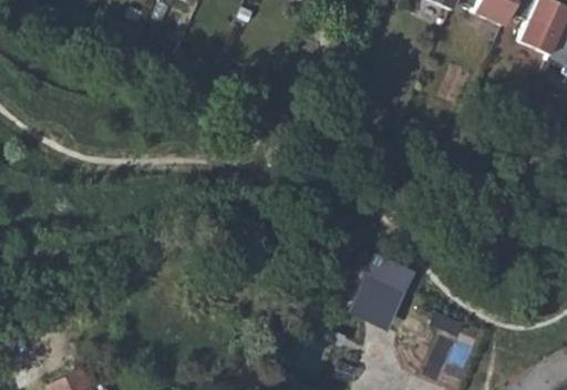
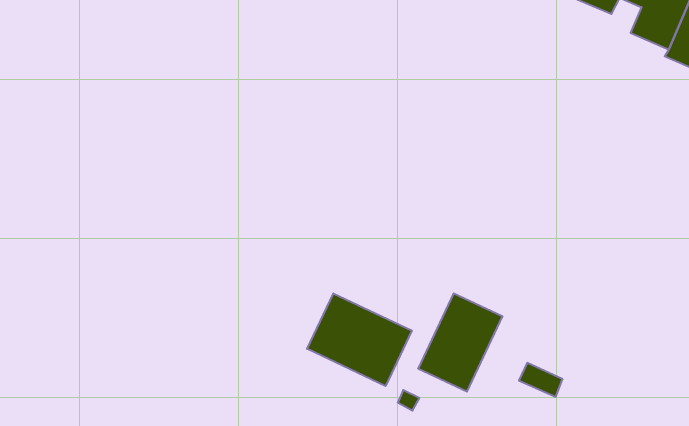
building: none -> [307,293,412,386]

